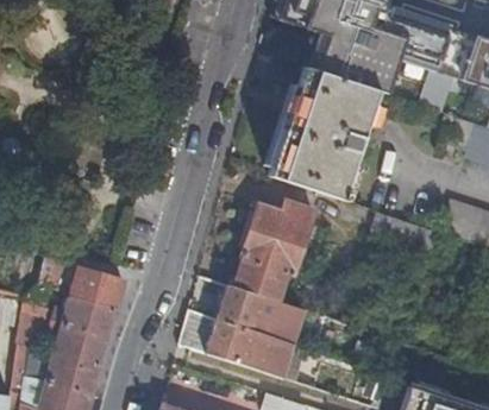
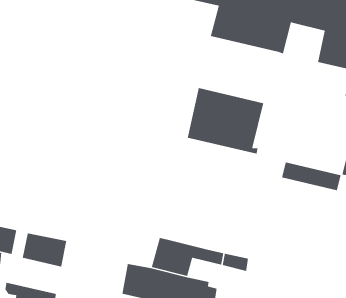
building: [287,65,378,145] -> none
building: [236,203,315,303] -> none
building: [52,296,117,339] -> none

